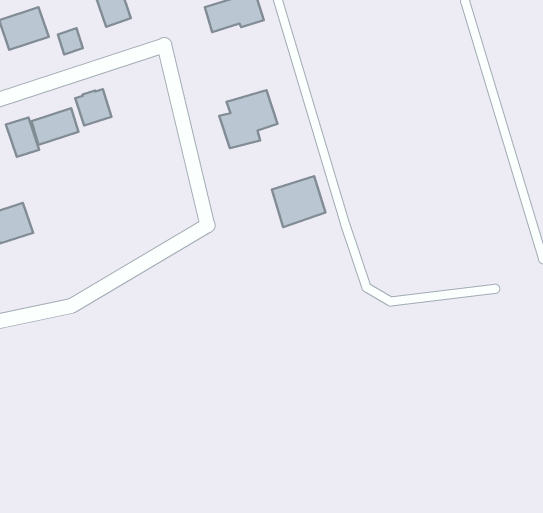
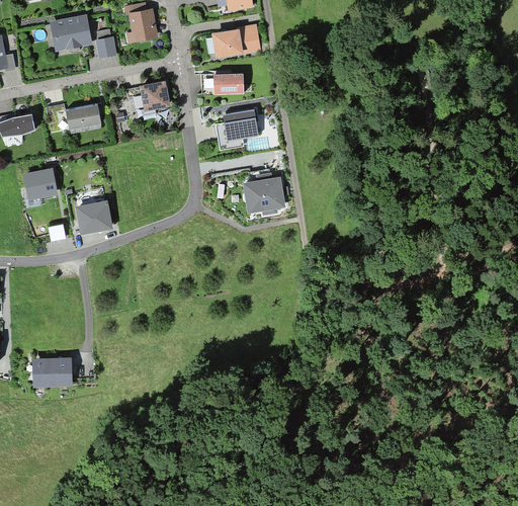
building: none -> [215,76,245,96]
building: [75,89,112,126] -> [140,83,166,109]
building: none -> [76,201,111,234]
building: none -> [33,357,72,385]

